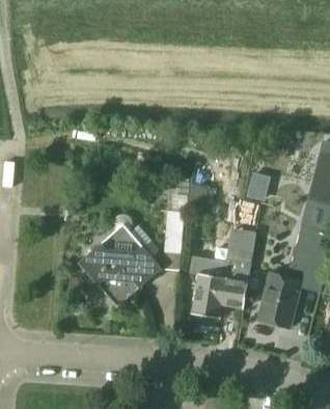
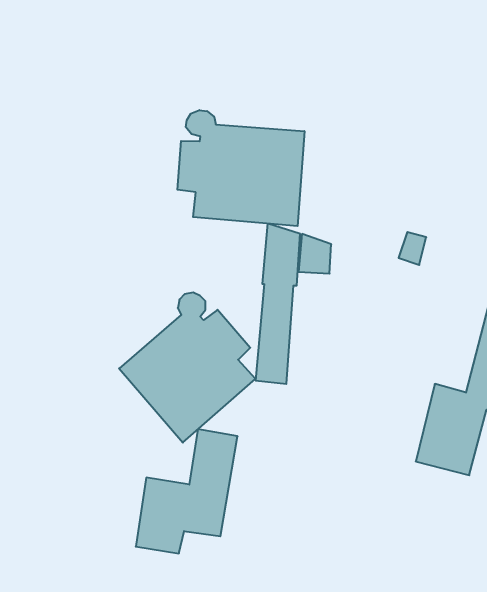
building: none -> [177,110,304,226]
building: [192,242,253,317] -> [136,429,238,553]

